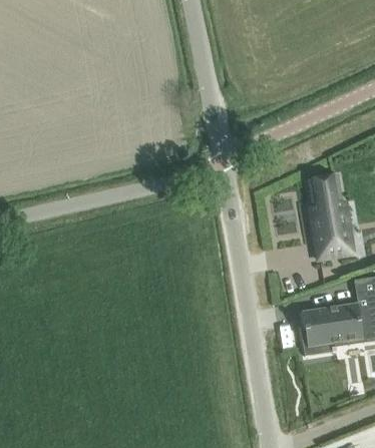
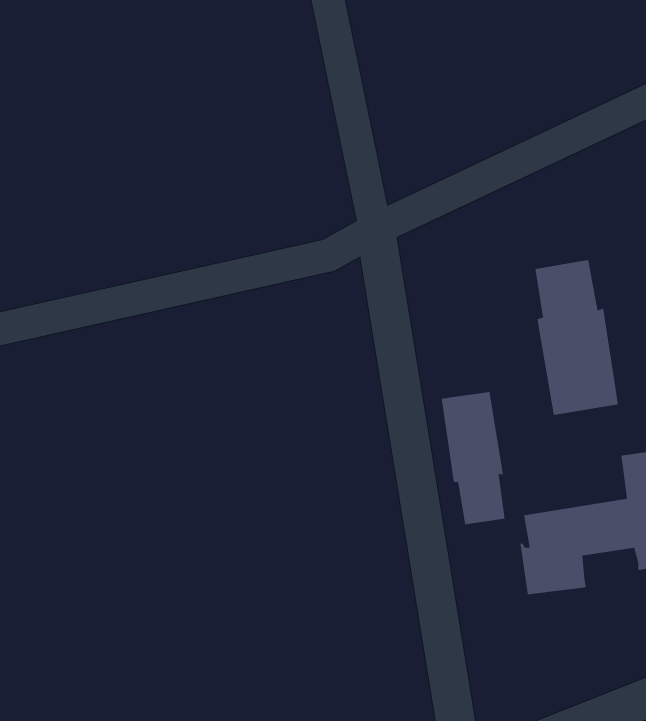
building: none -> [441,391,505,525]

